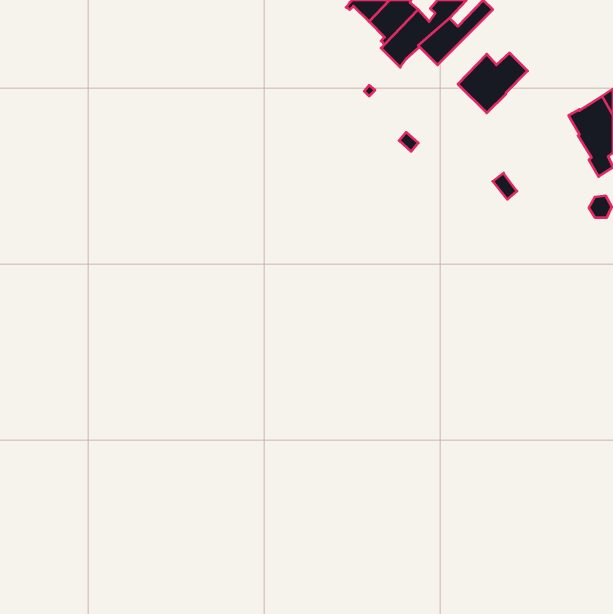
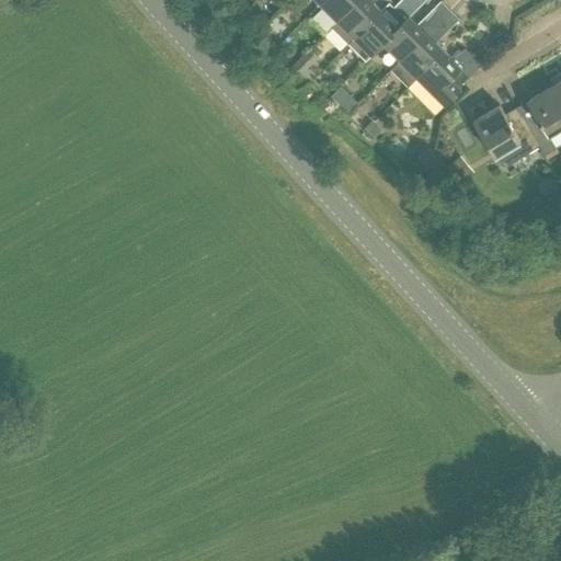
building: none -> [390,9,459,87]
building: none -> [474,104,539,167]

